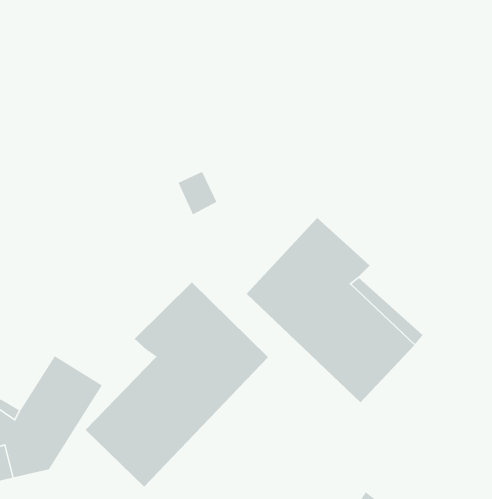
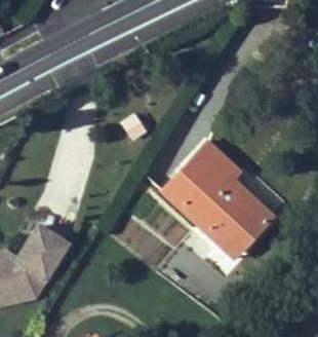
building: [85,281,269,487] -> none

